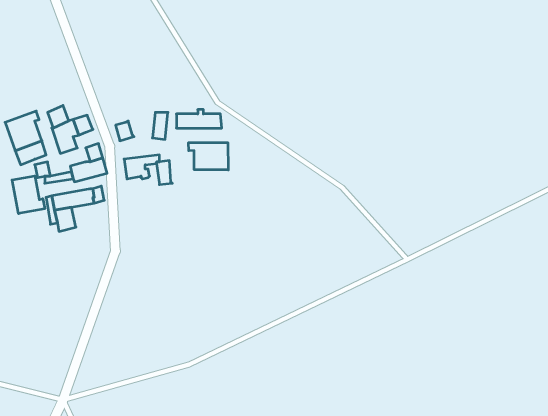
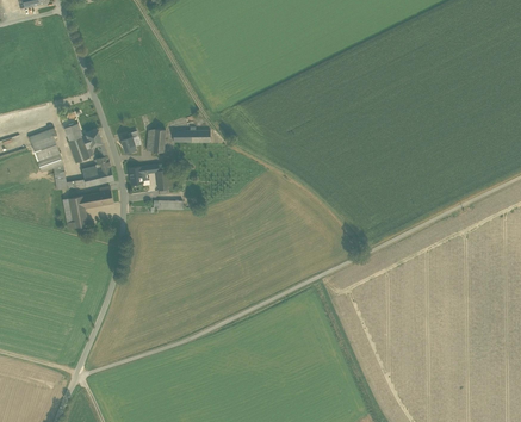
building: [189,143,228,170] -> none
building: [12,176,45,214] -> none

